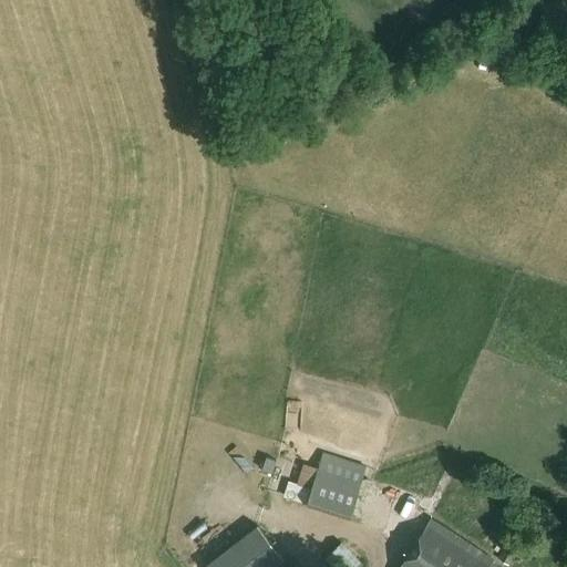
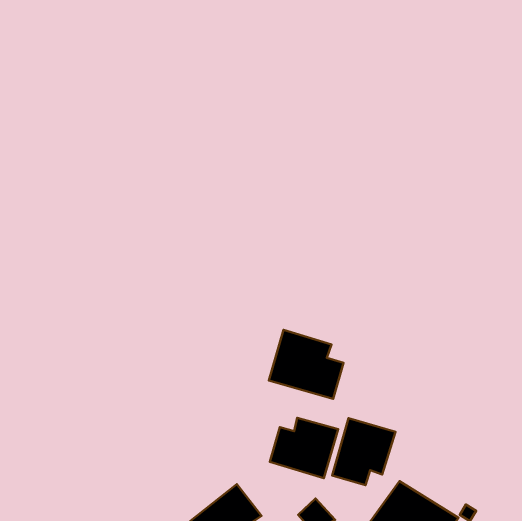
building: none -> [269,330,344,399]
building: none -> [332,418,395,485]

